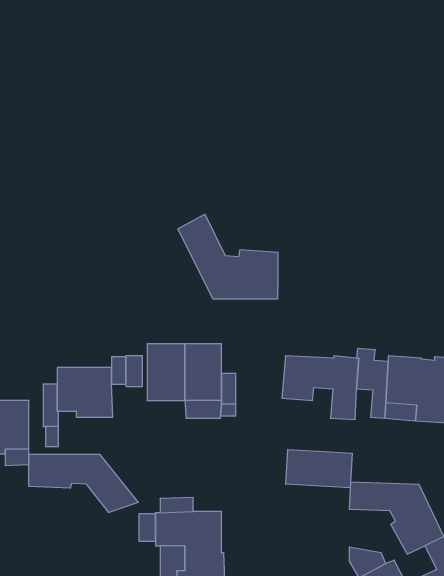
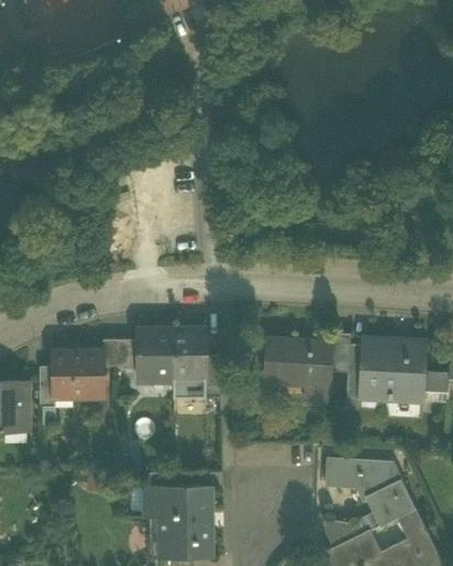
building: [178,214,278,299] -> none
building: [286,449,352,488] -> none
building: [29,454,138,513] -> none

